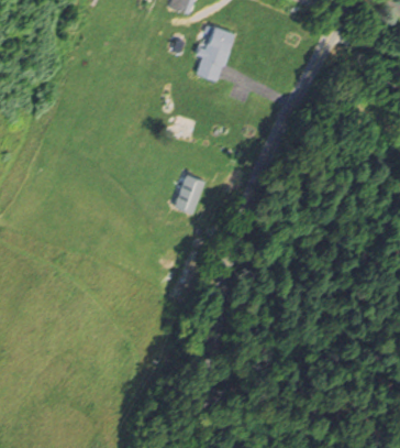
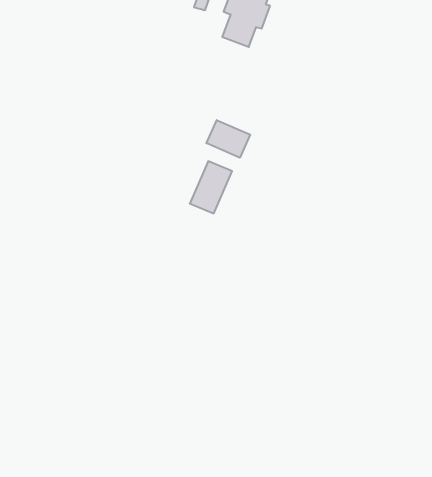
building: none -> [206,120,250,158]

